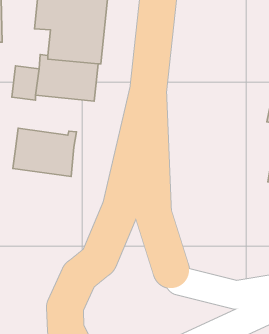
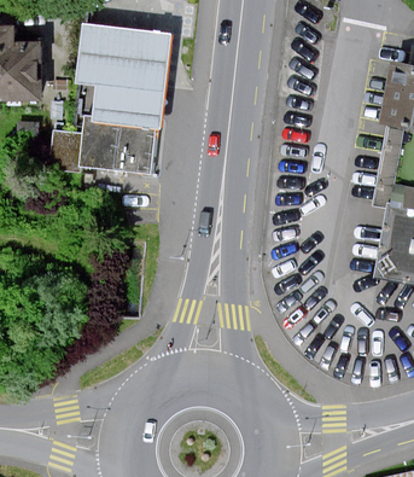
building: [13,128,76,177] -> none

